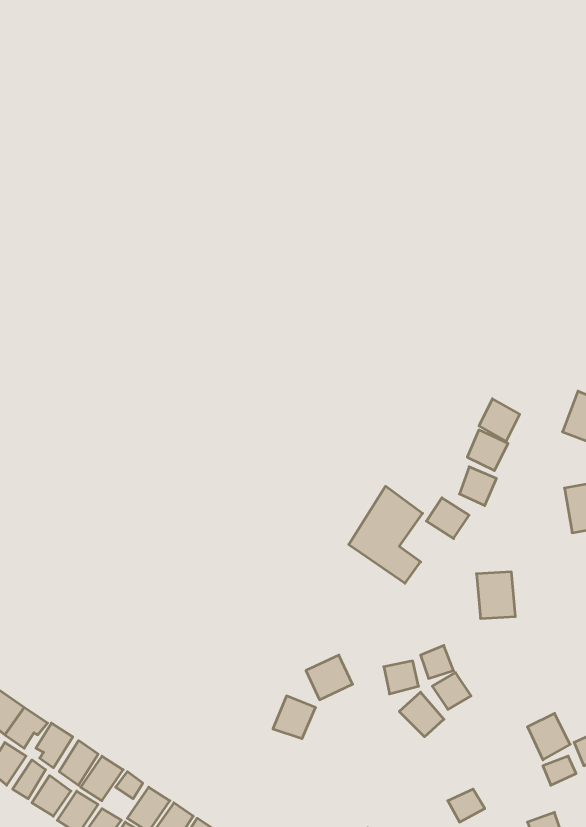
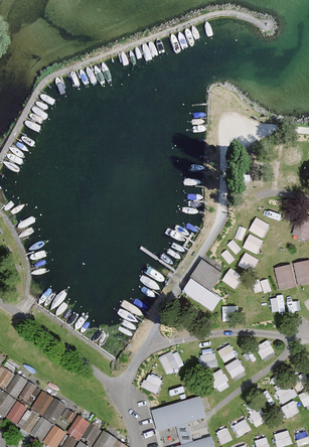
building: [476,572,515,618] -> [275,264,295,288]
building: none -> [152,399,203,431]

